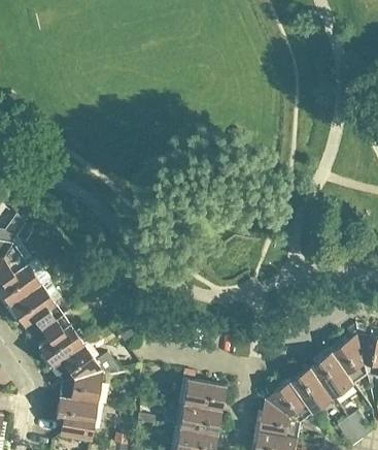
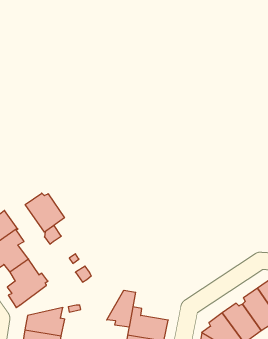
building: none -> [25,193,64,232]
building: [53,343,103,381] -> none
building: none -> [107,290,136,327]

